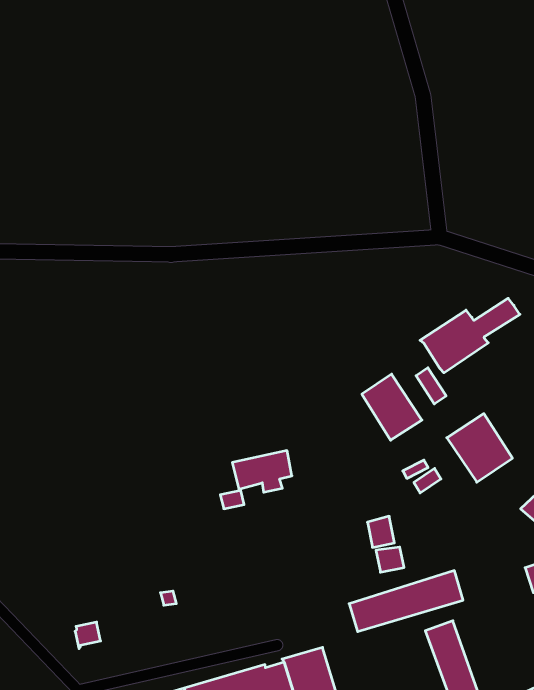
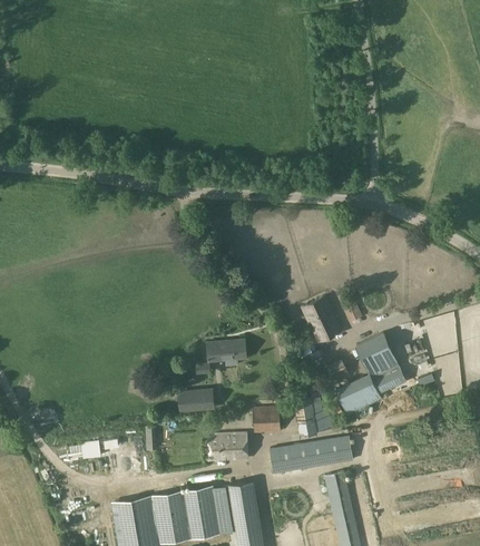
building: [420,298,520,373] -> [335,369,406,415]
building: none -> [178,389,212,410]
building: none -> [254,409,281,432]
building: none -> [208,433,247,460]

